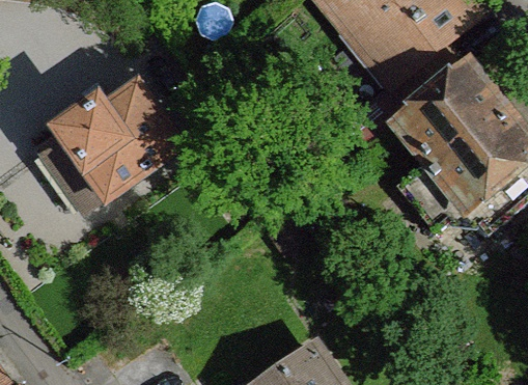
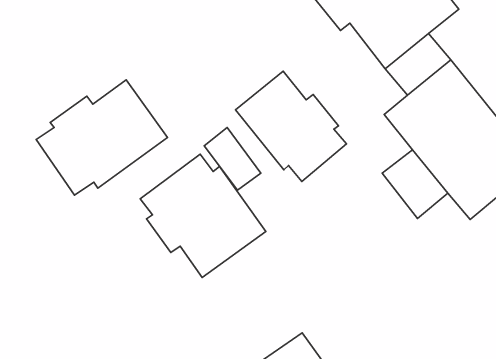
building: none -> [236,71,347,181]
building: none -> [140,154,266,277]

